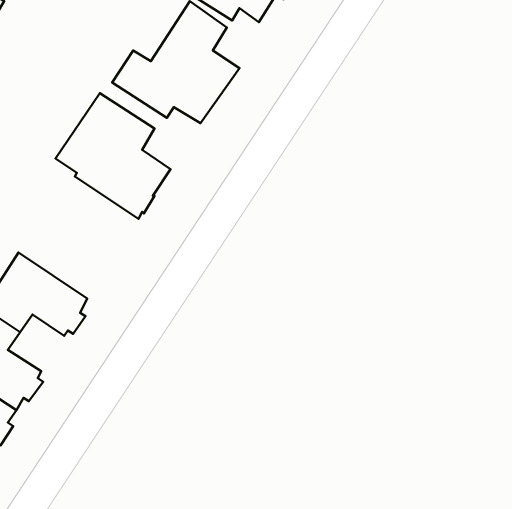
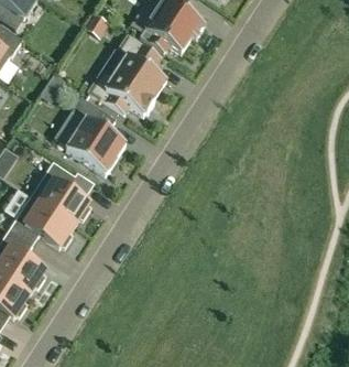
building: none -> [30,161,89,224]

